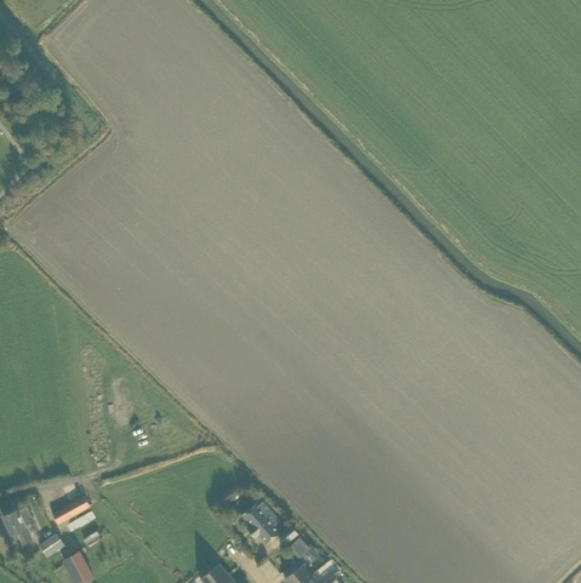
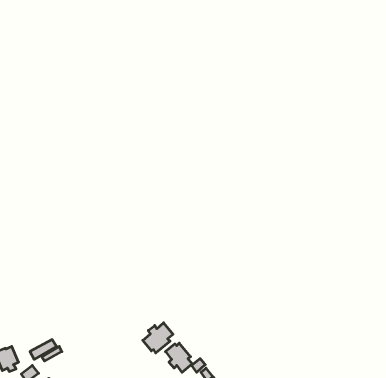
building: none -> [143,323,173,353]

